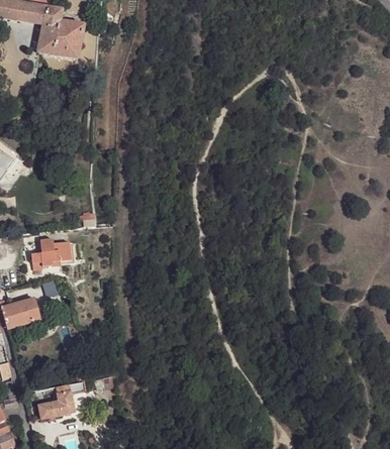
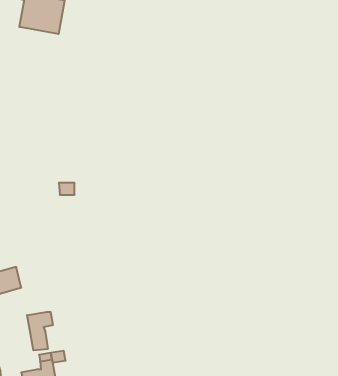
building: [30,238,70,266] -> none
building: none -> [27,312,53,350]

